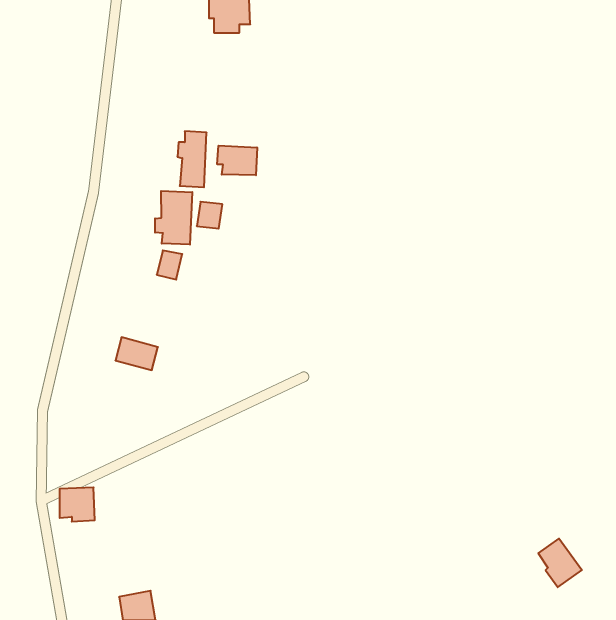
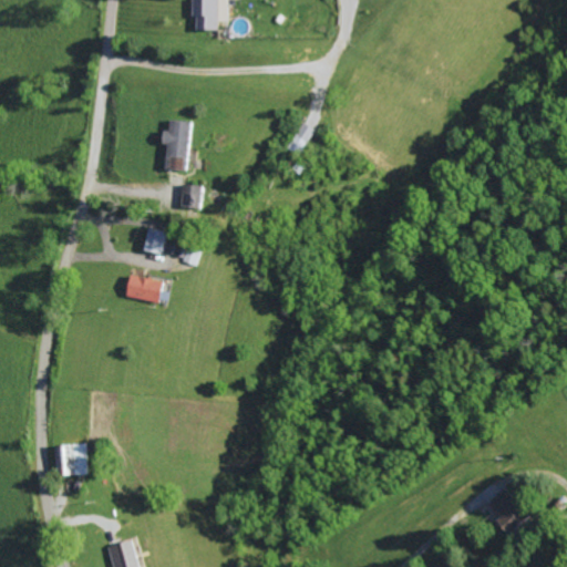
building: [217,146,257,175] -> none
building: [155,191,192,245] -> none
building: [115,337,158,370] -> [126,274,165,303]

